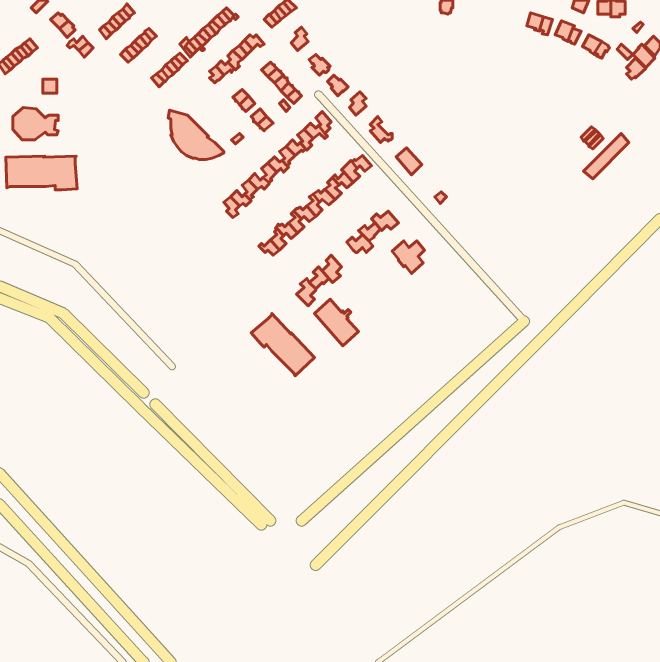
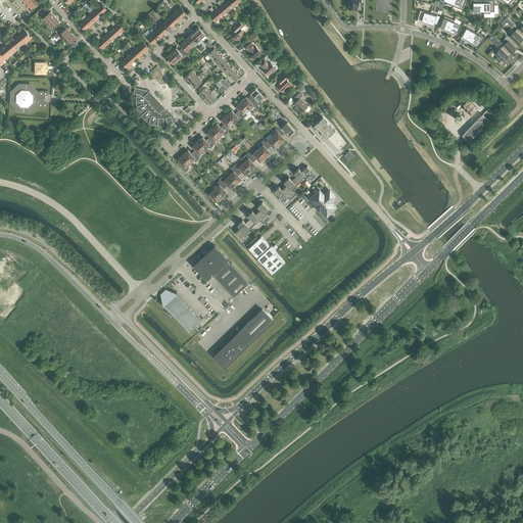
building: [6,156,77,190] -> none
building: none -> [161,291,200,331]
building: none -> [215,310,272,366]

